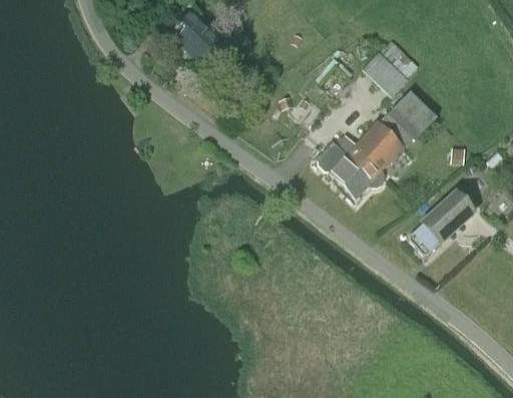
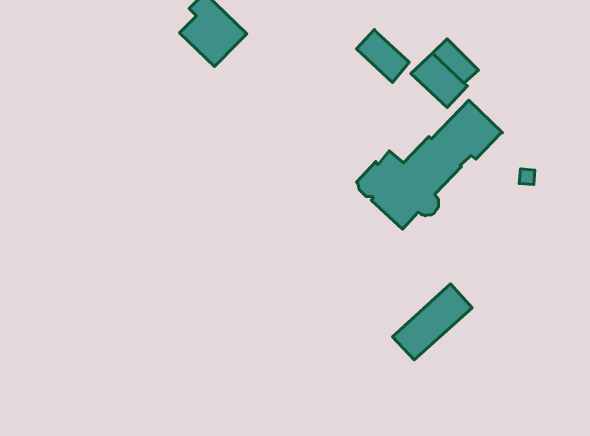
building: none -> [357,30,409,83]
building: [407,193,473,257] -> [393,284,472,360]

